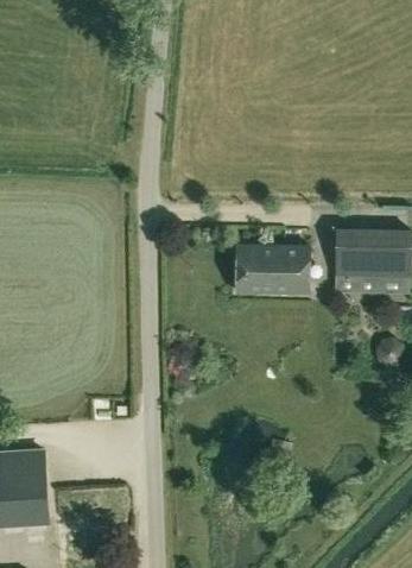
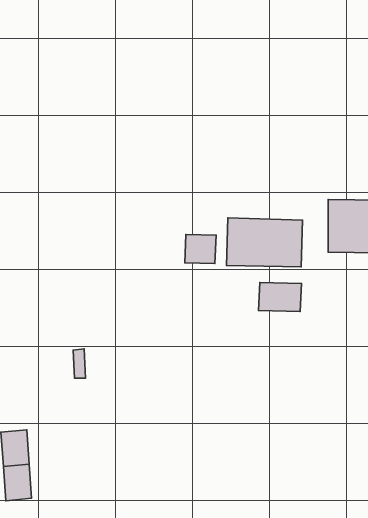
building: none -> [185,234,216,264]
building: none -> [258,283,302,311]

